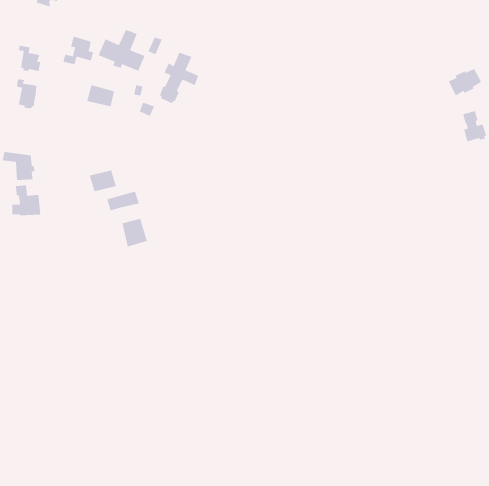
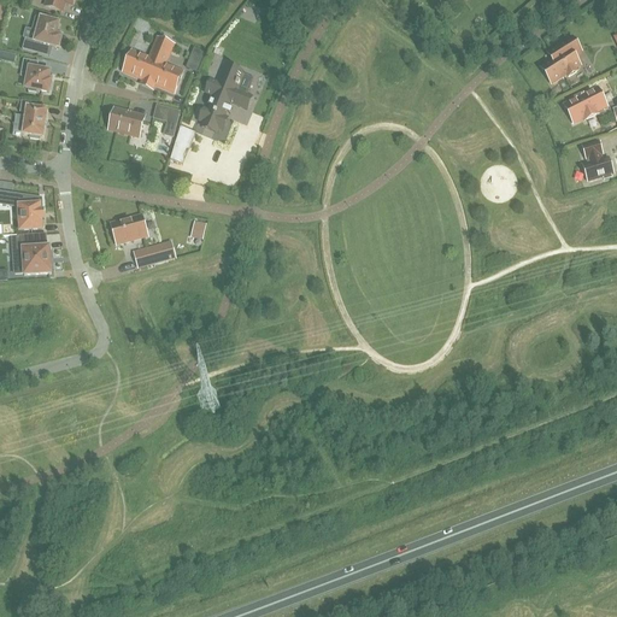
building: none -> [541,35,581,81]
building: [63,36,94,65] -> [23,13,63,51]
building: [122,218,148,247] -> none

